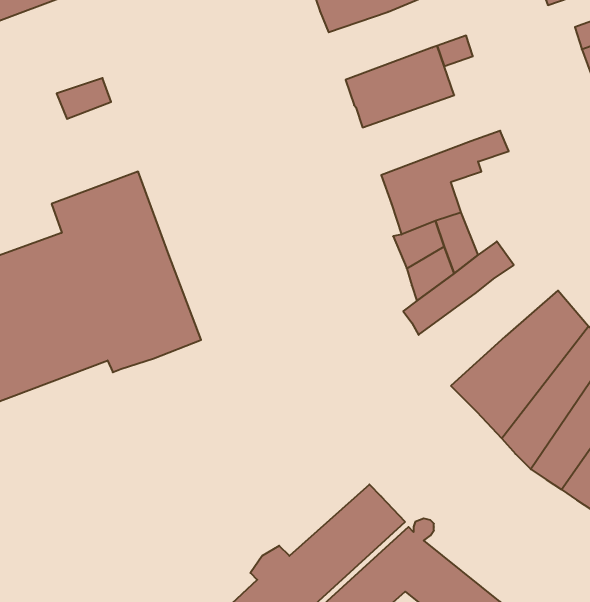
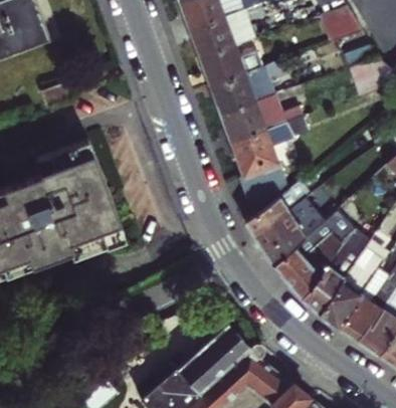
building: none -> [200,45,261,85]
building: none -> [220,94,284,142]
building: none -> [253,200,322,266]

